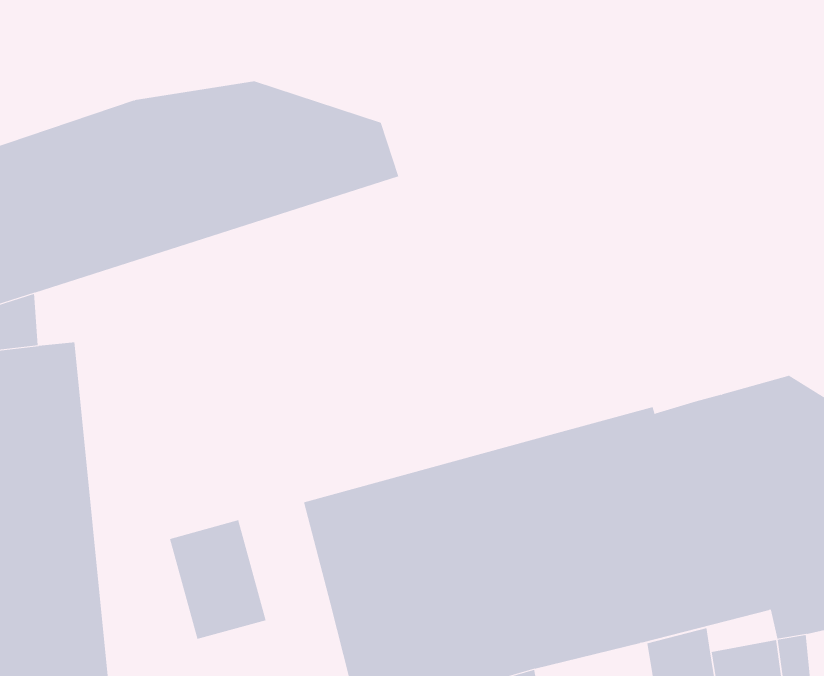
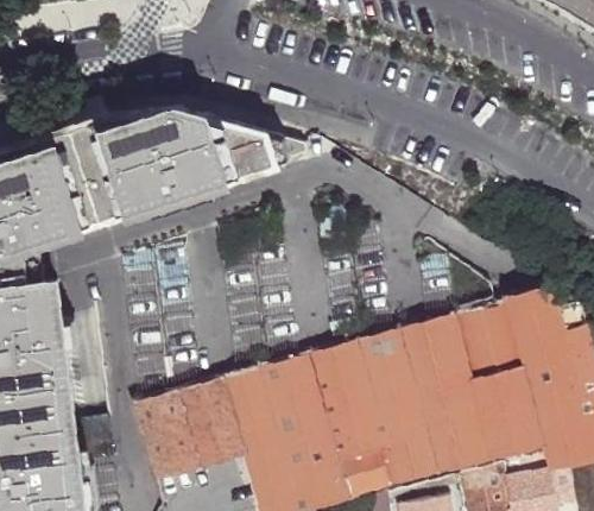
building: none -> [172,387,234,468]

